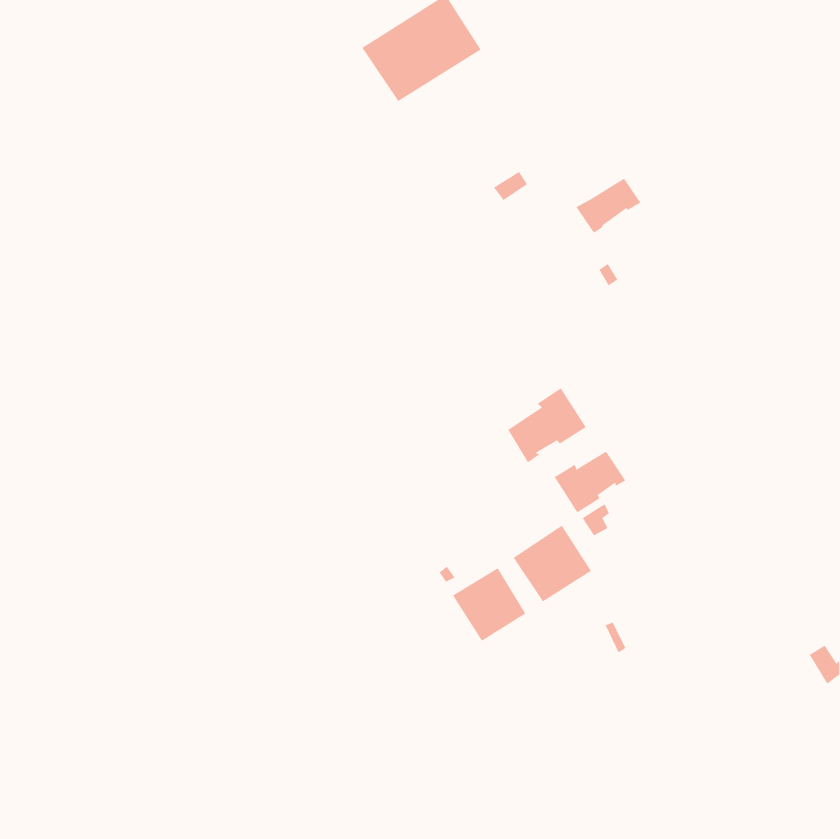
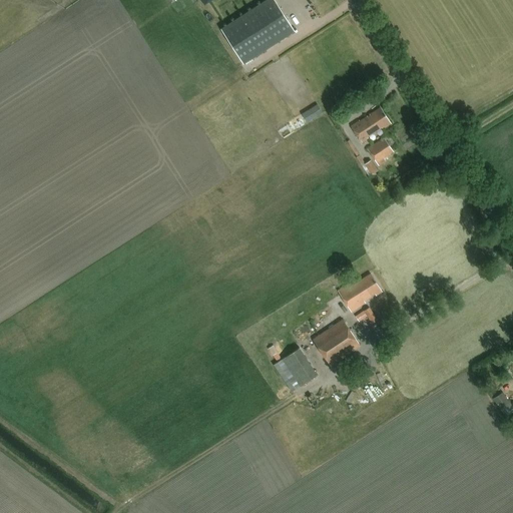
building: none -> [367,138,394,163]
building: [507,387,586,463] -> none

